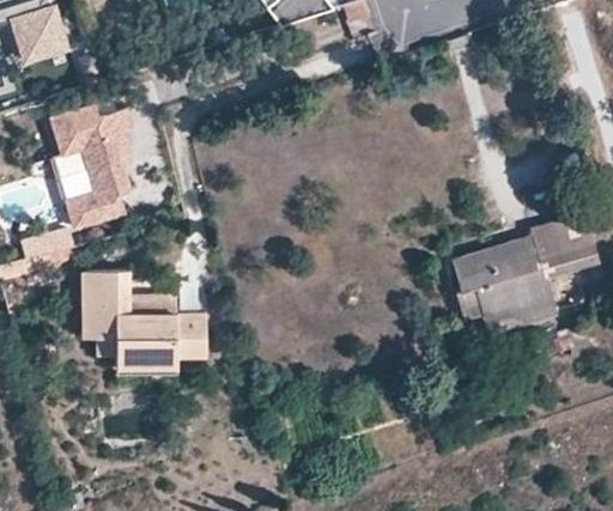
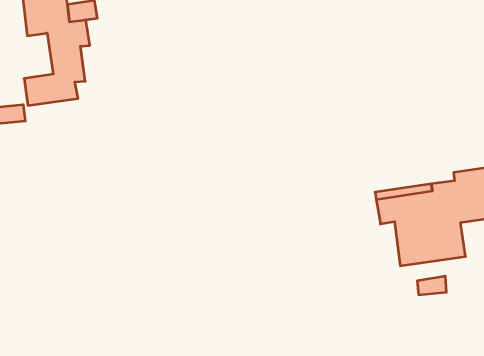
building: [83,266,208,364] -> none

